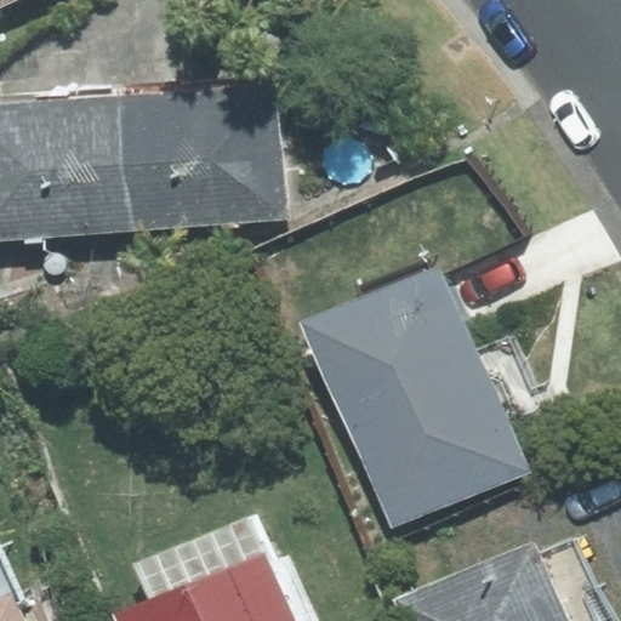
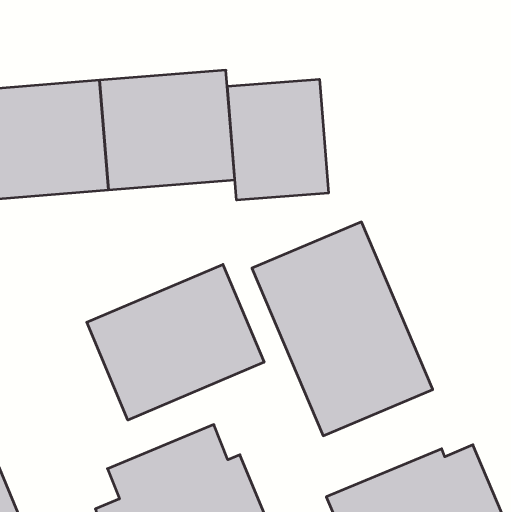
building: none -> [228,79,328,200]
building: none -> [87,264,264,420]

